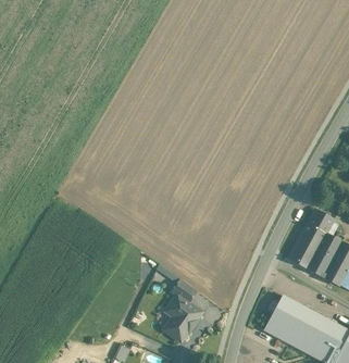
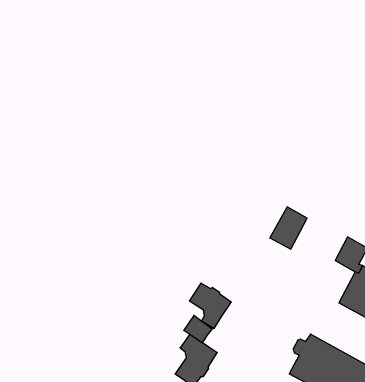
building: [290,233,323,270] -> [270,207,307,249]
building: none -> [189,283,231,329]

